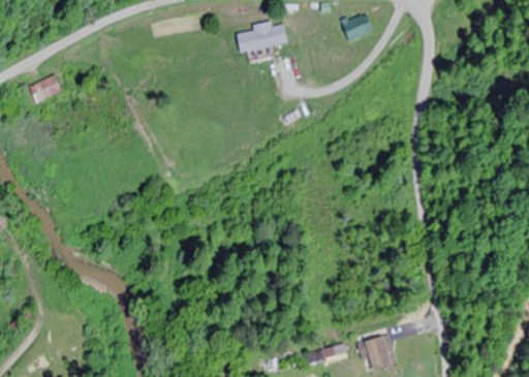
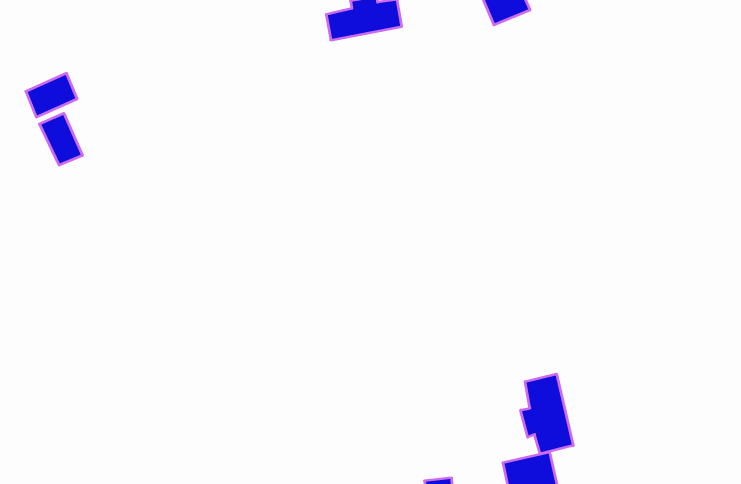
building: none -> [39,113,82,165]
building: none -> [521,374,573,454]

